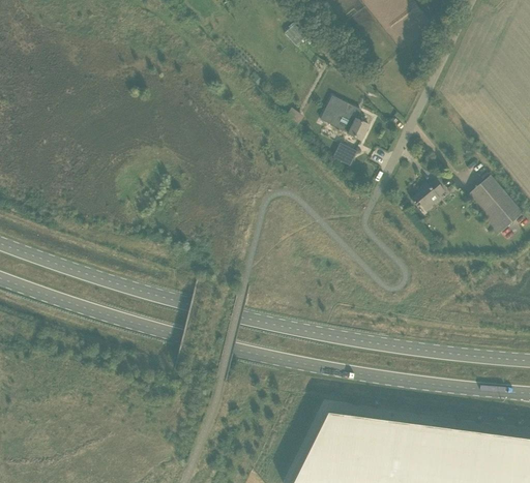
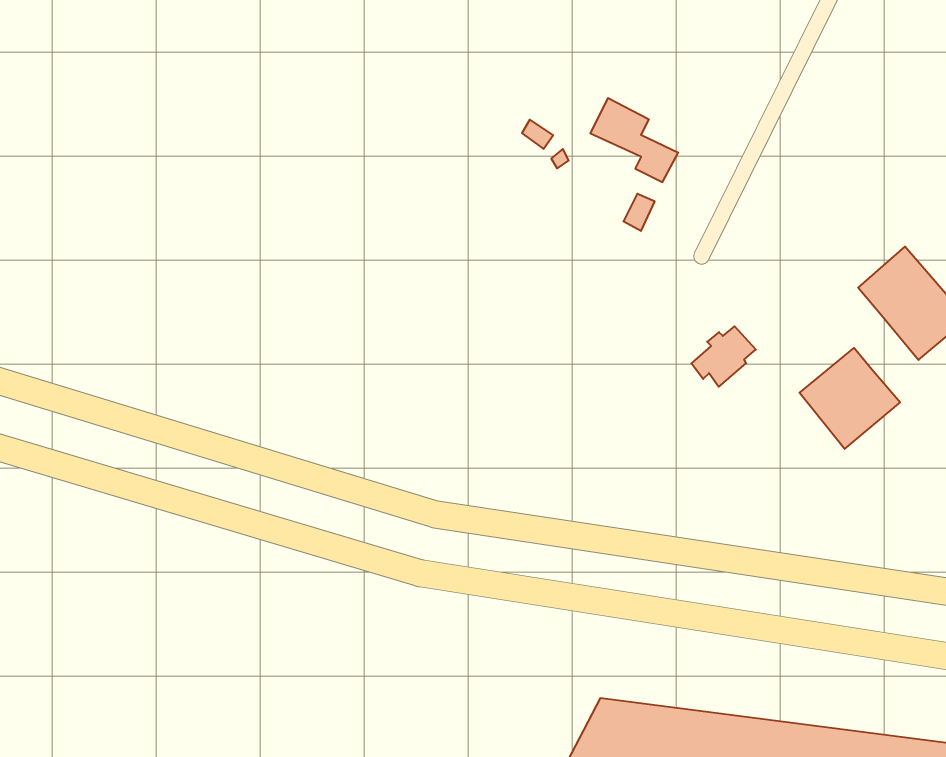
building: [412,179,446,211] -> [691,326,756,387]
building: none -> [799,348,900,449]

